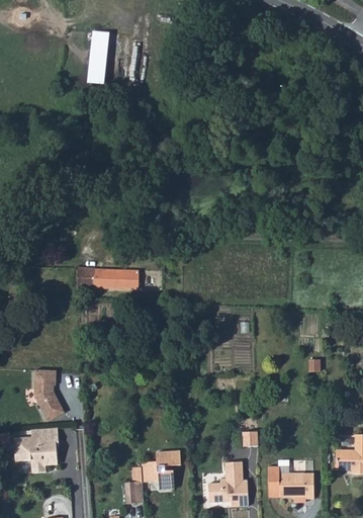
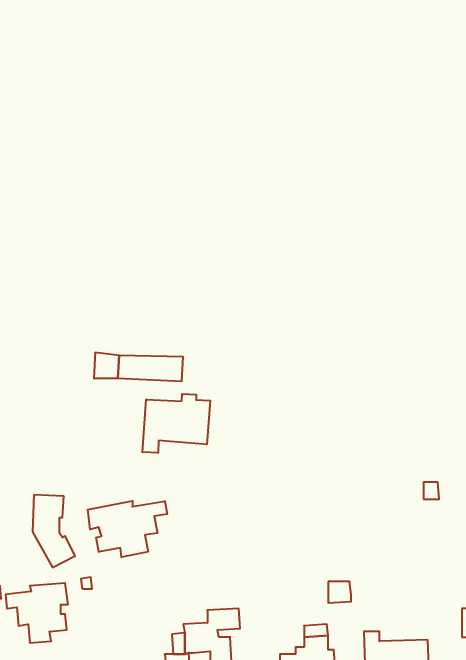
building: [88,31,108,83] -> none
building: none -> [142,394,210,453]
building: none -> [88,501,167,557]

